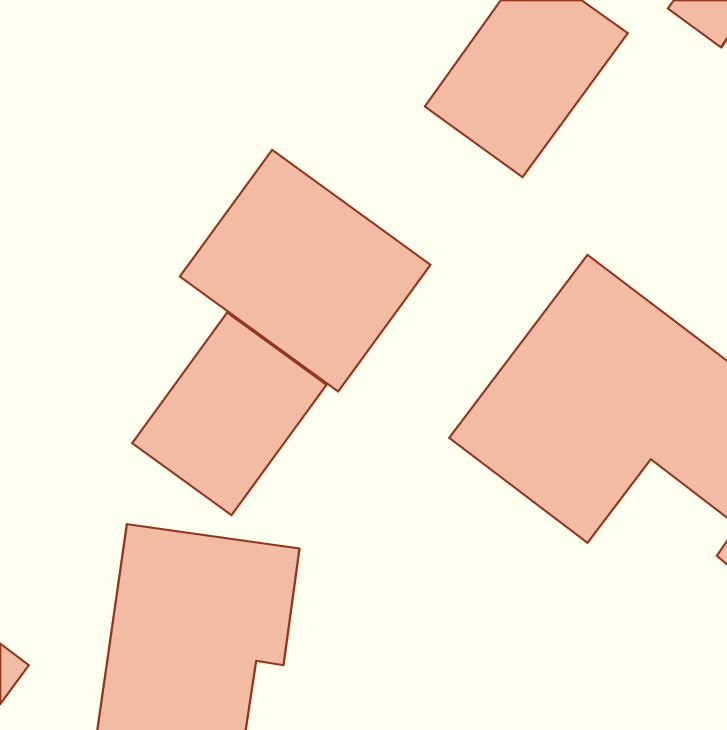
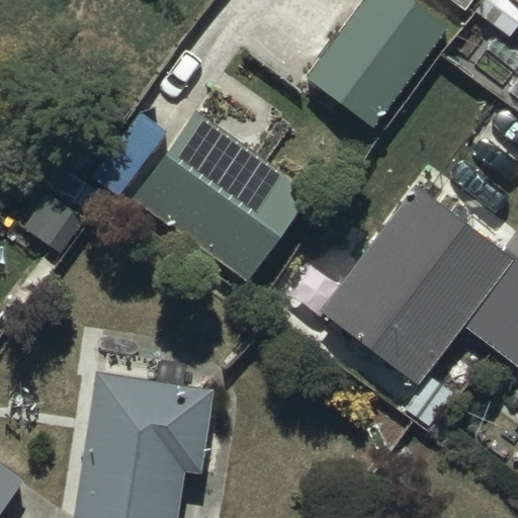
building: [132,313,326,515] -> none

